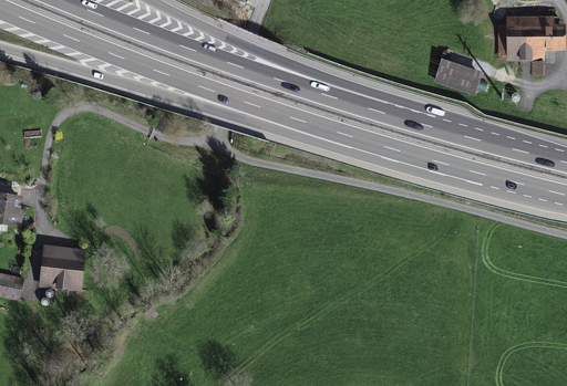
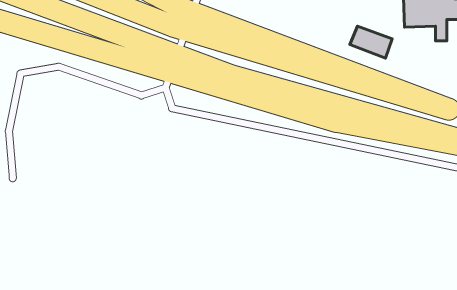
building: [40,243,81,282] -> none

